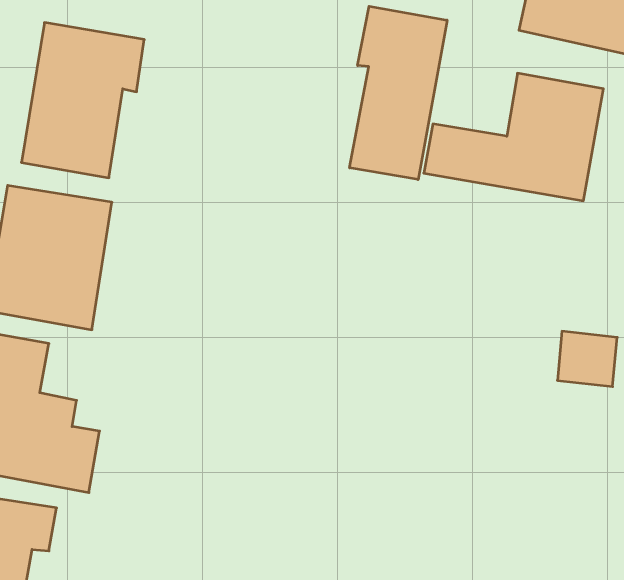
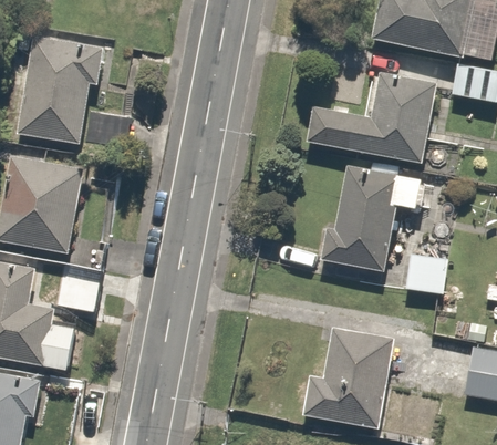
building: [350,6,447,180] -> none
building: none -> [320,163,423,271]
building: none -> [303,324,396,428]

